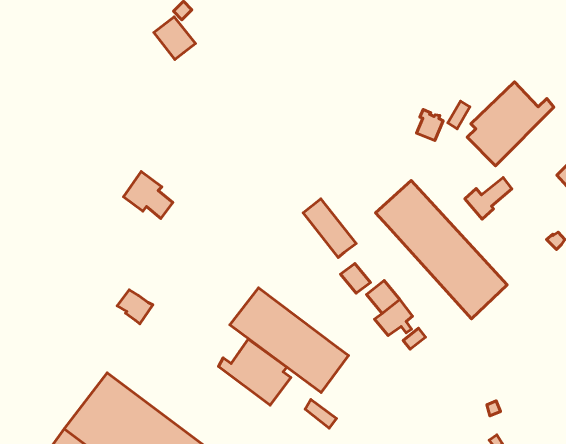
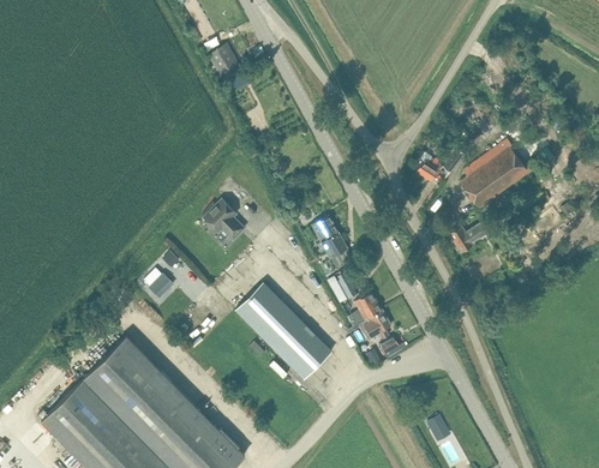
building: [124,172,173,218] -> [203,199,244,241]
building: [376,181,507,319] -> none
building: [218,339,291,405] -> none

